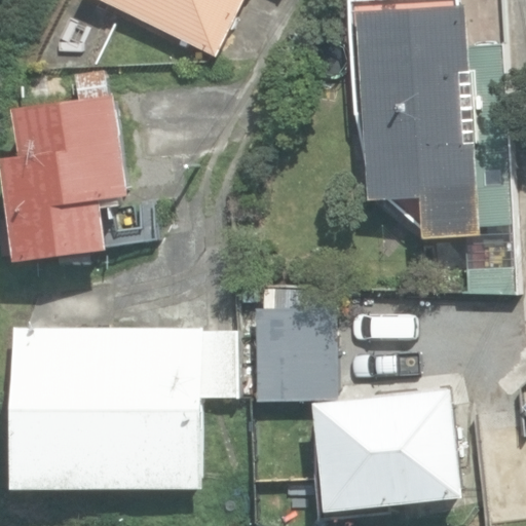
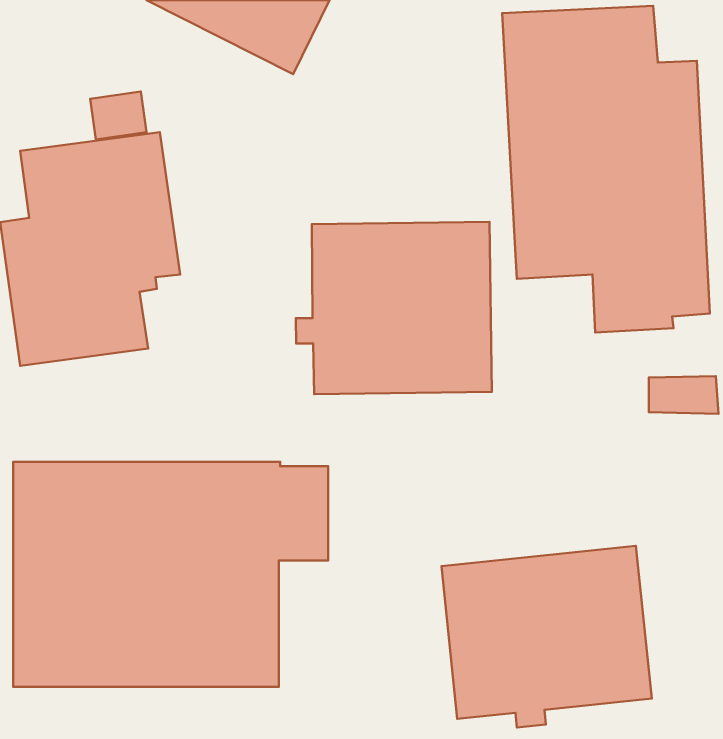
building: none -> [296,222,492,394]
building: [249,307,332,402] -> none

